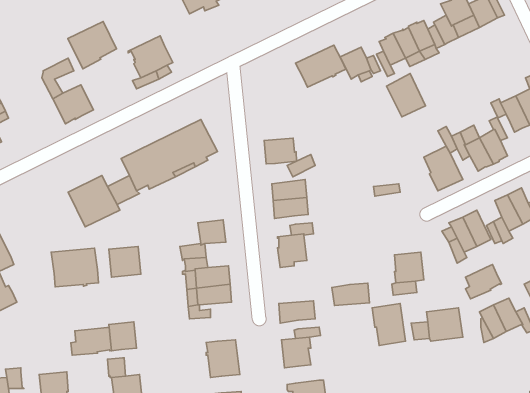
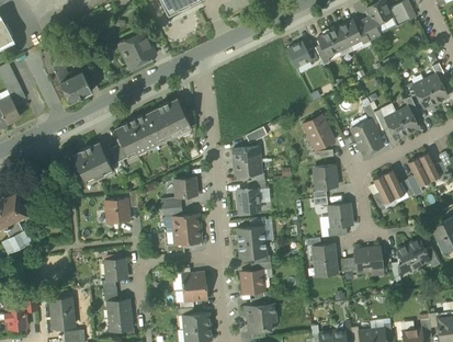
building: [68,21,117,69] -> none
building: [295,45,346,87] -> none
building: [386,74,426,117] -> [303,115,333,149]
building: [264,138,297,164] -> none
building: none -> [314,164,337,190]
building: [51,248,99,287] -> none
building: [465,264,502,299] -> none
building: [332,283,369,306] -> [236,226,265,243]
building: [71,327,111,355] -> none

